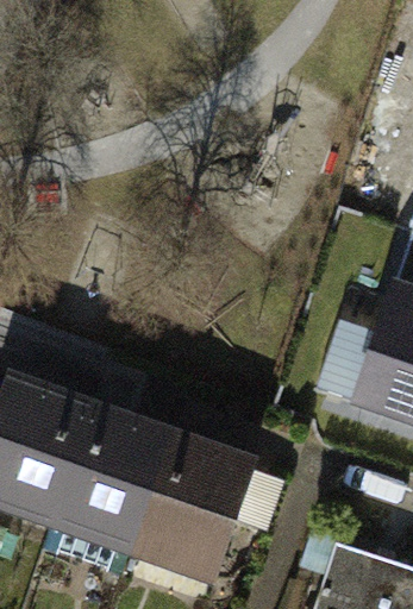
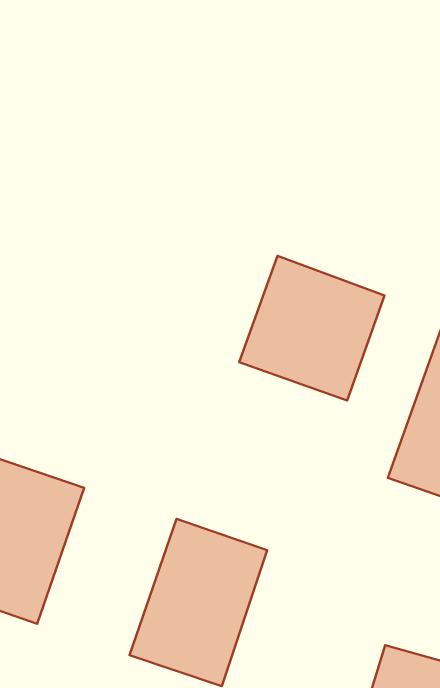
building: none -> [239,256,385,401]
building: [55,416,171,557] -> none

